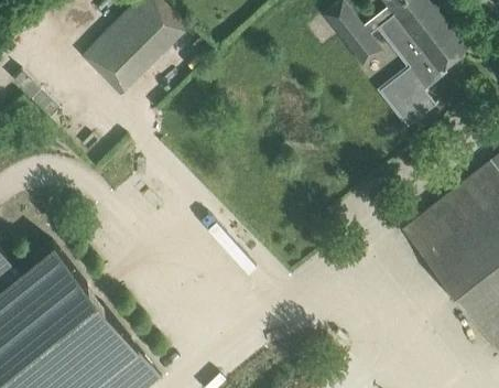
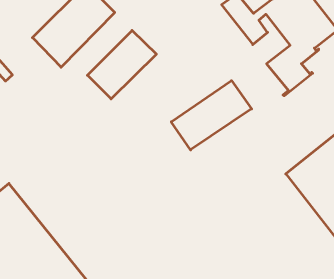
building: none -> [87,30,156,99]
building: none -> [171,81,252,150]

